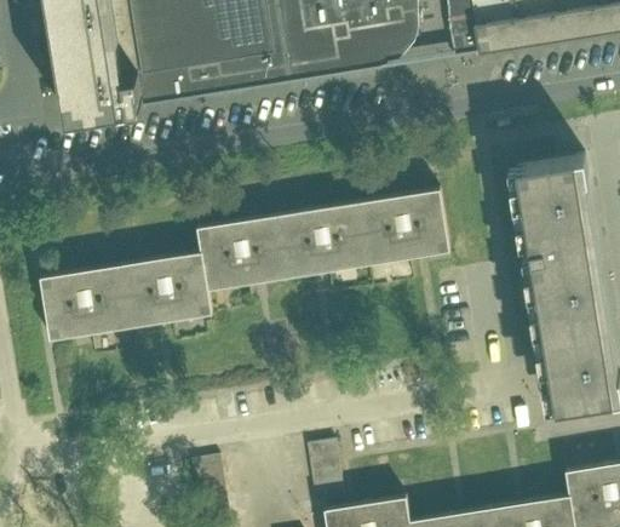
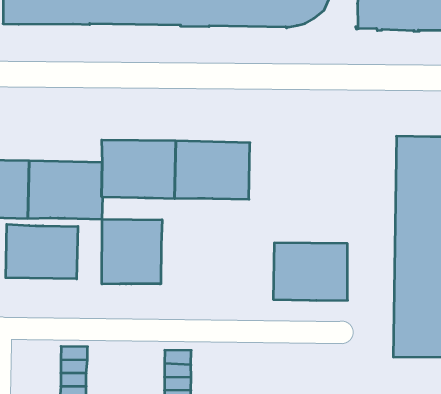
building: [357,190,448,265] -> [273,243,348,300]
building: none -> [102,219,162,284]
building: none -> [6,224,78,279]

